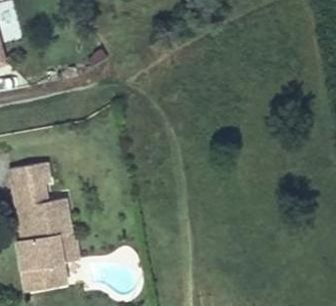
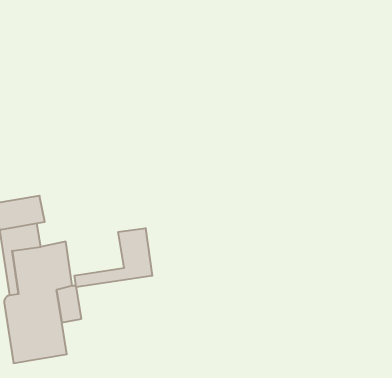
building: none -> [74,228,152,287]

